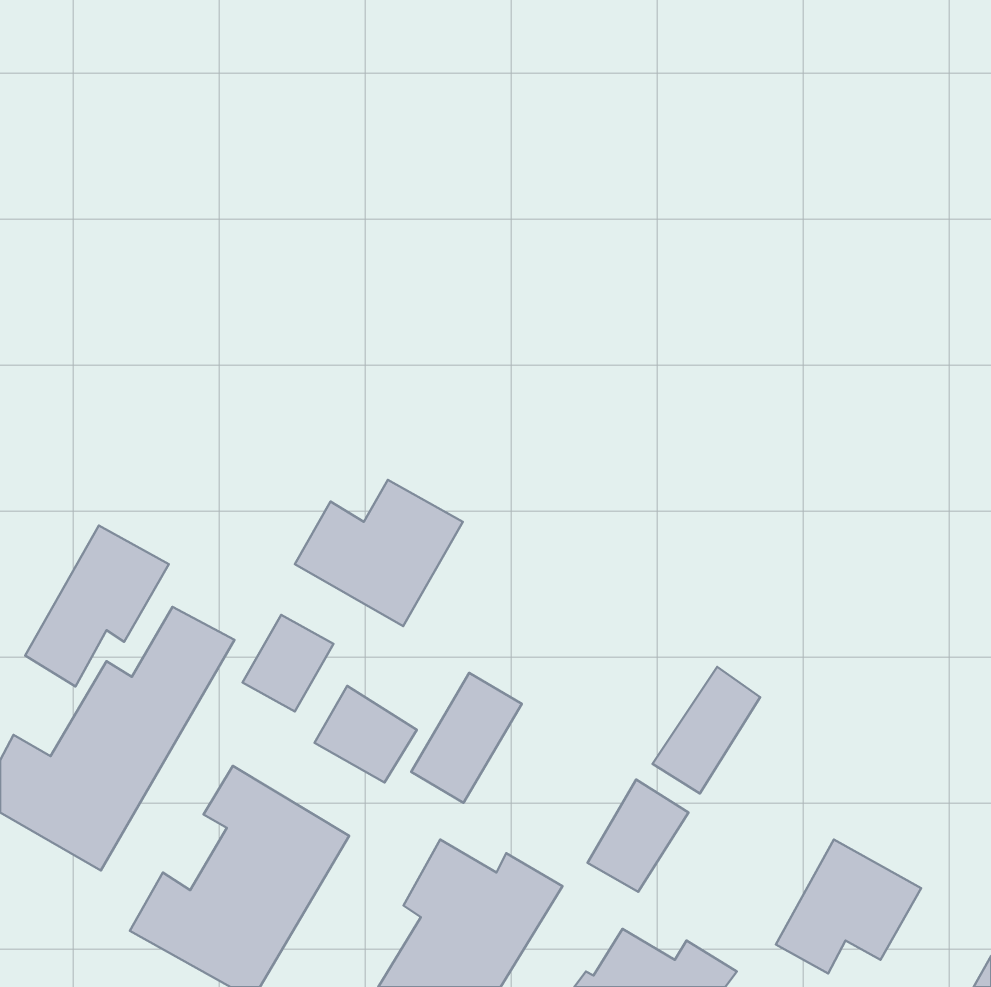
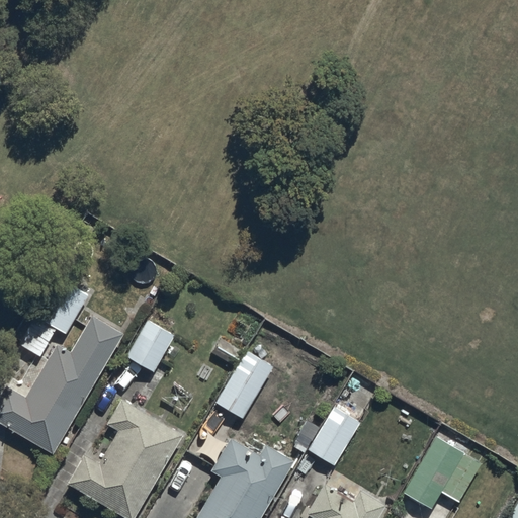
building: [295,480,463,626] -> none
building: [653,667,760,794] -> none
building: [315,686,417,782] -> none

